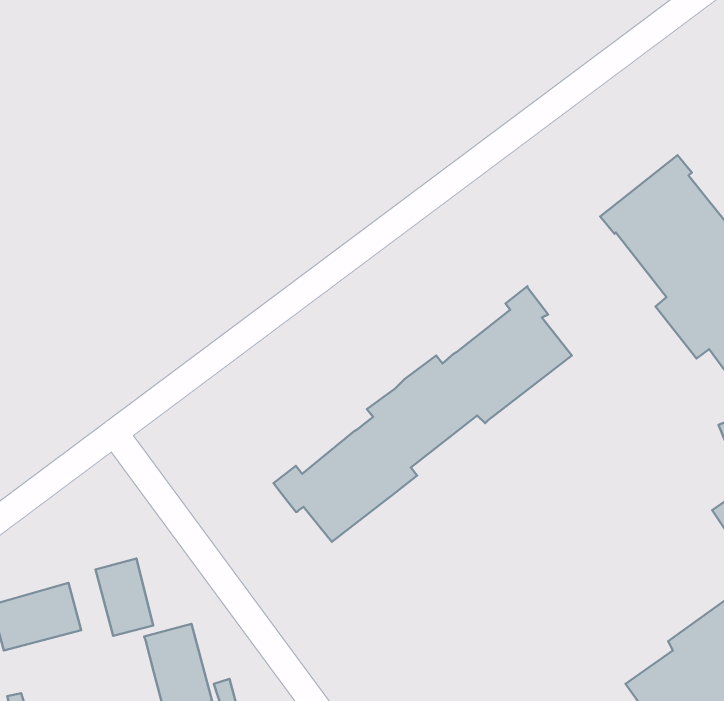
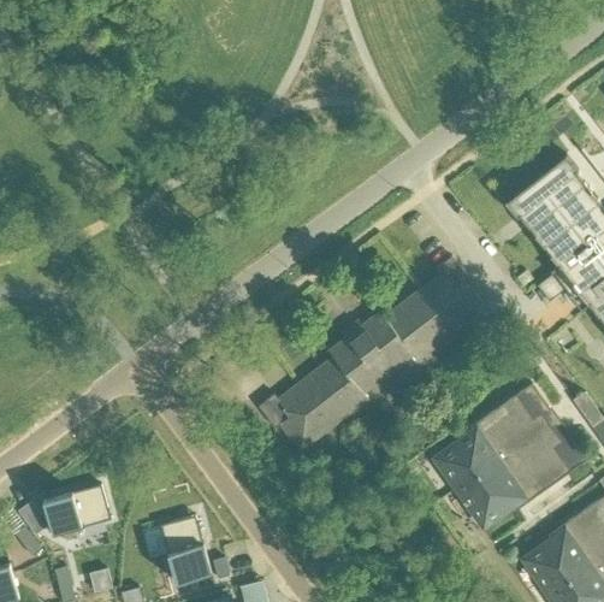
building: none -> [438,383,586,523]
building: [95,558,153,636] -> none

